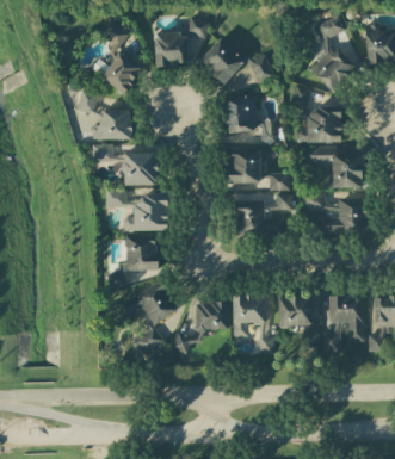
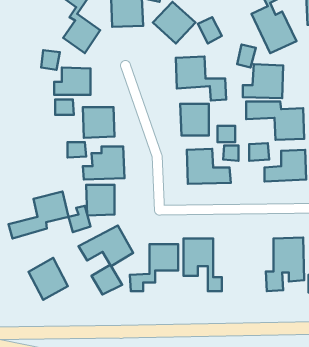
building: none -> [9,192,68,238]
building: [278,296,313,328] -> none
building: none -> [28,258,68,300]

